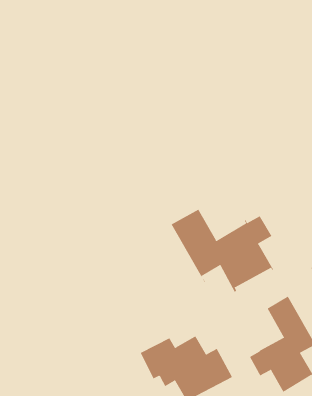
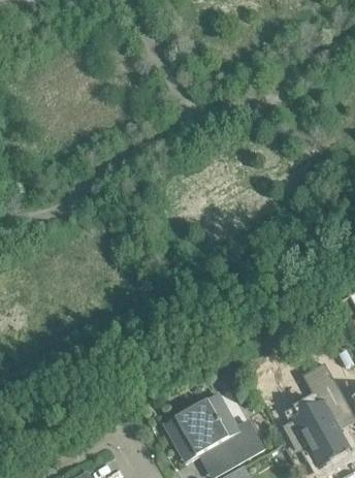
building: [171,209,274,293] -> none

